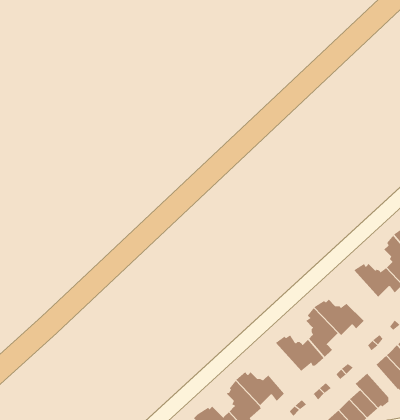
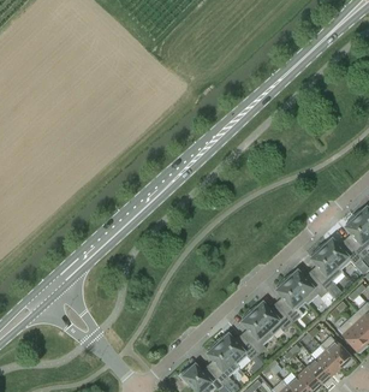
building: none -> [311,247,343,291]
building: none -> [242,310,273,355]

